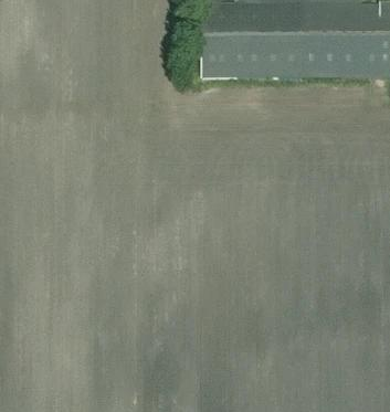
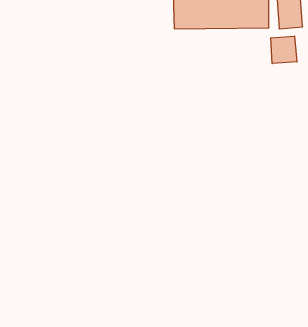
building: none -> [271,36,297,64]

